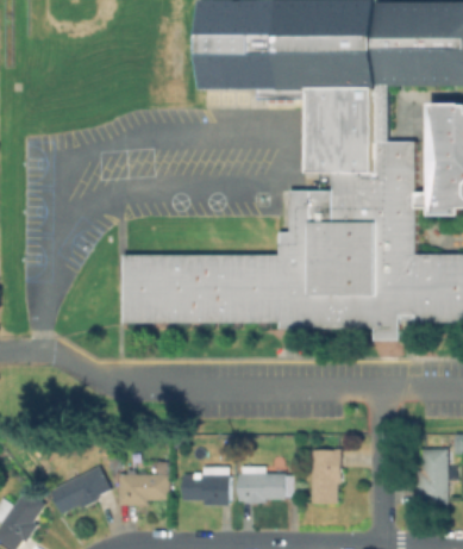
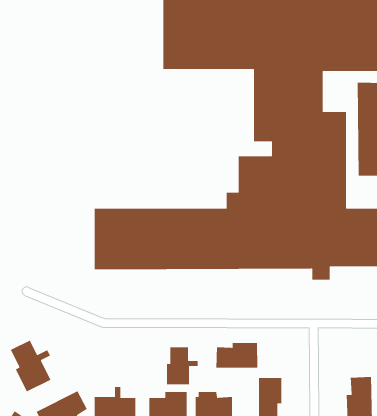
building: none -> [10,339,52,393]
building: none -> [216,342,258,368]
building: none -> [166,346,198,385]

